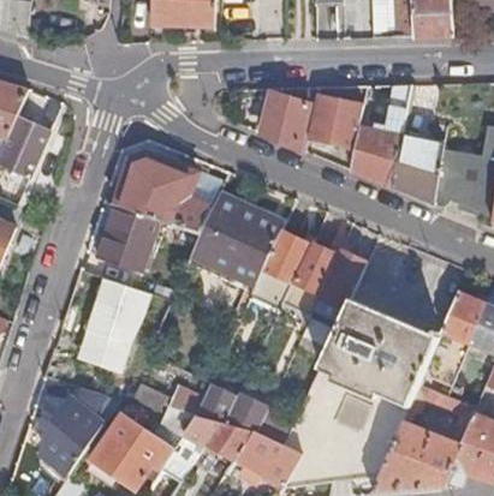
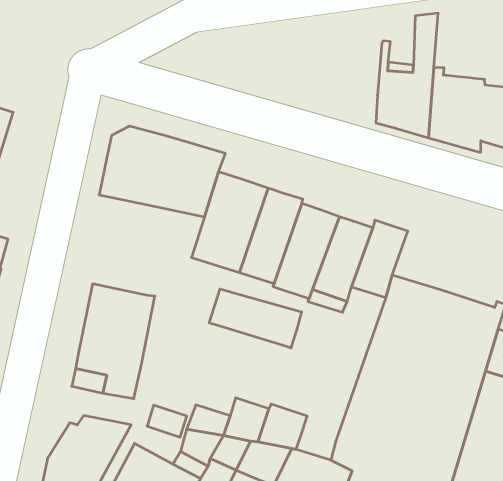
building: [261,91,309,148] -> none
building: [308,95,362,147] -> none
building: [96,204,159,271] -> none
building: none -> [209,289,302,348]

